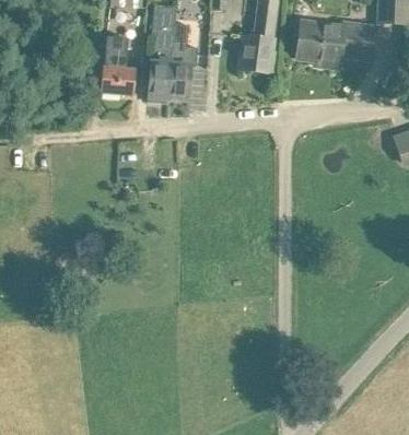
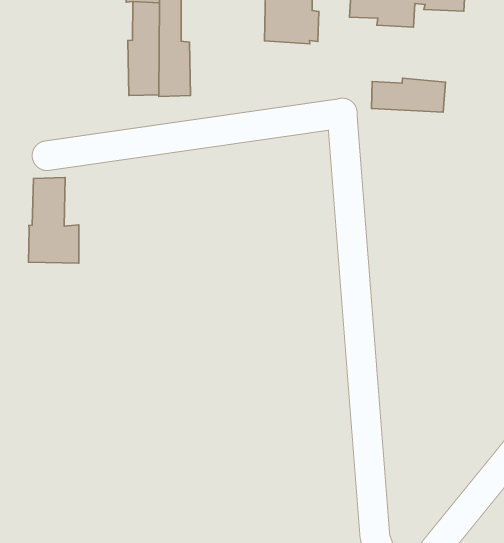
building: [100,37,135,95] -> [29,178,79,263]
building: none -> [371,78,445,112]

